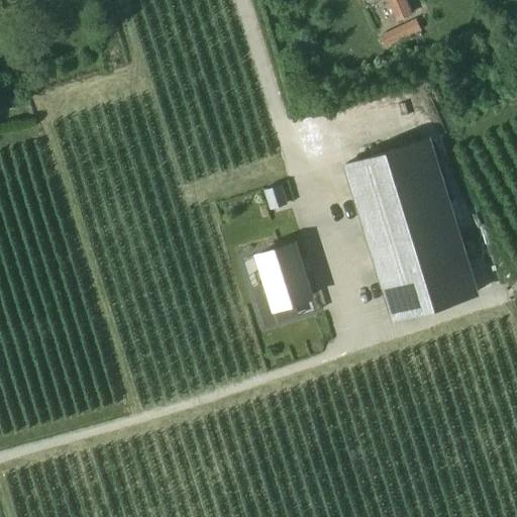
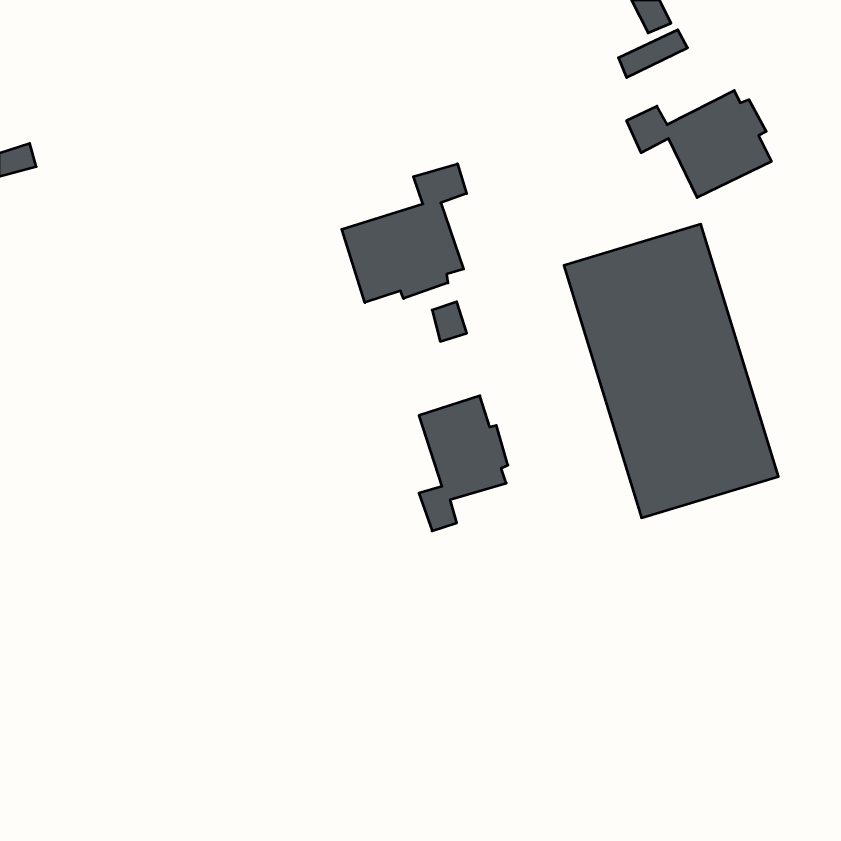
building: none -> [627,90,771,198]
building: none -> [342,164,467,303]

